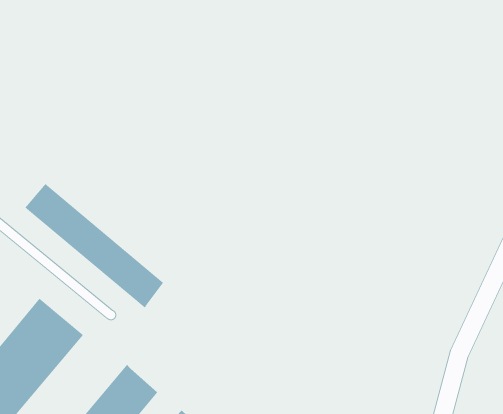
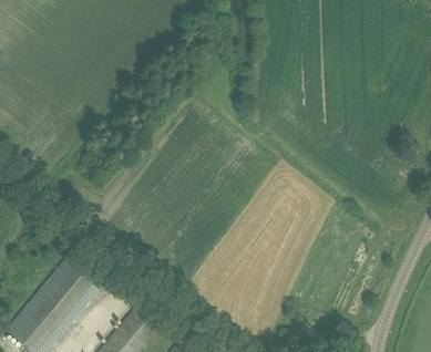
building: [24,183,164,309] -> none

